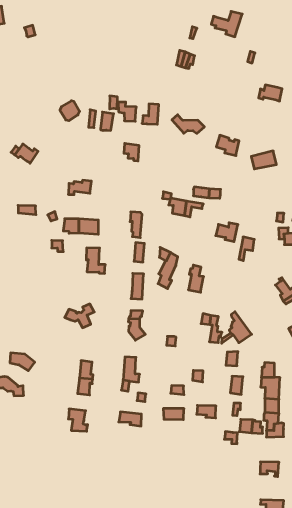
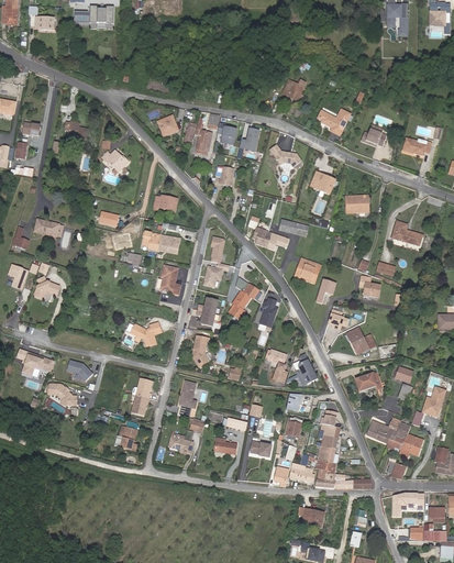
building: [211,11,242,37] -> [318,109,351,135]

